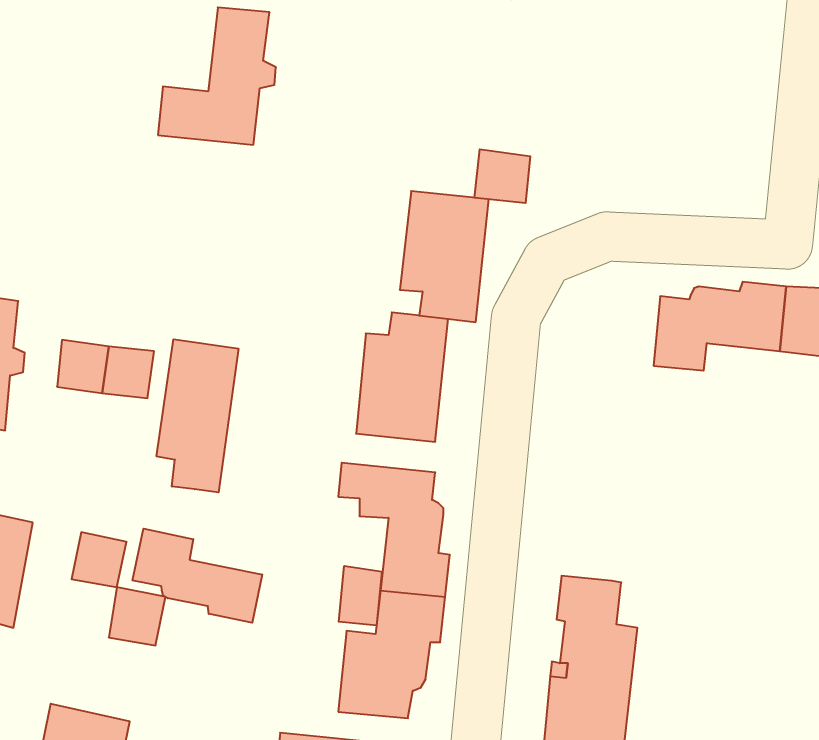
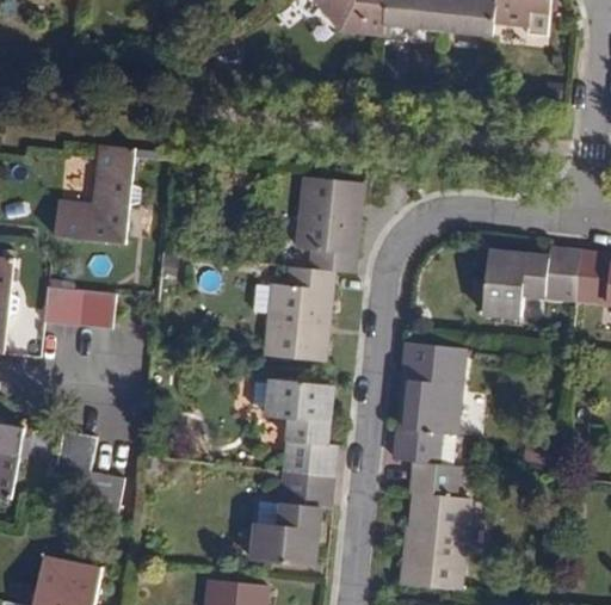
building: [158,7,276,145] -> [53,144,140,246]
building: [475,149,530,203] -> none
building: [157,339,238,492] -> none
building: none -> [393,344,461,465]
building: [132,529,262,623] -> none
building: [339,566,382,626] -> none

